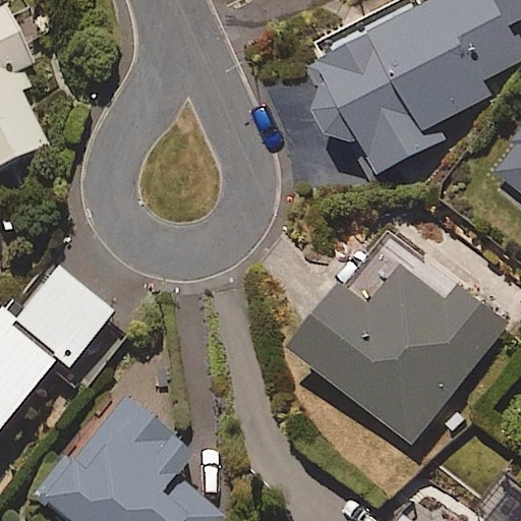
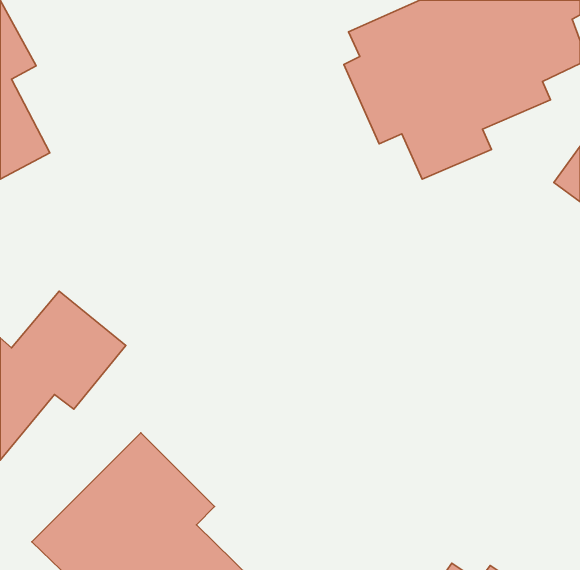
building: [289,262,511,440] -> none

